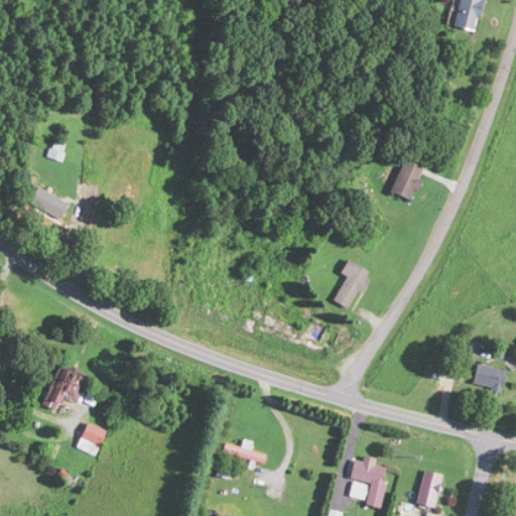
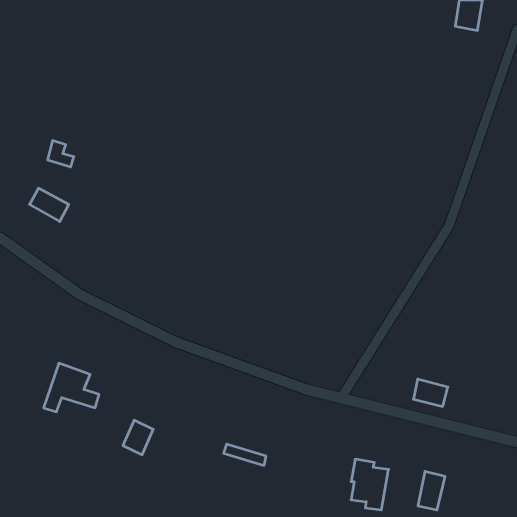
building: [390,157,425,201] -> none
building: [333,260,371,310] -> none
building: [473,364,507,391] -> [413,379,448,406]
building: [77,422,107,457] -> [123,420,153,455]

